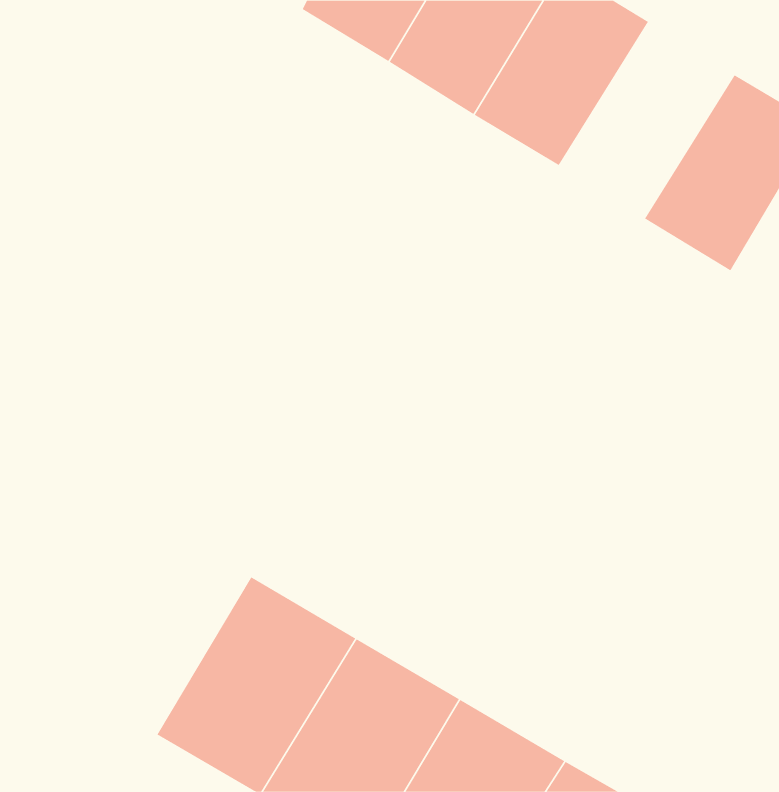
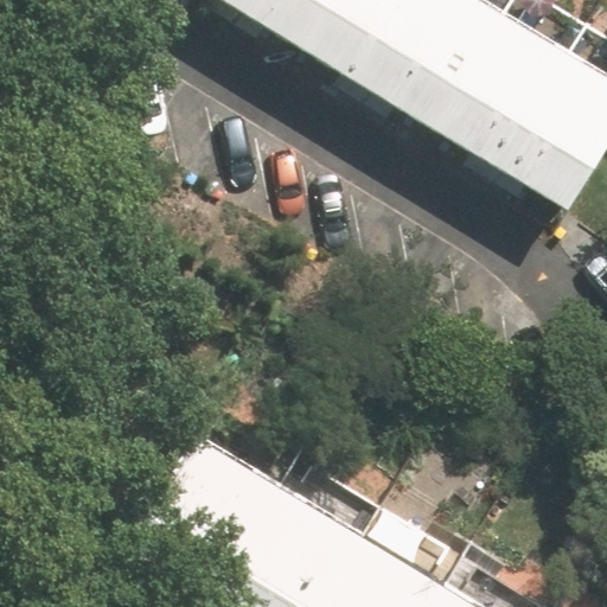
building: none -> [437,17,571,167]

